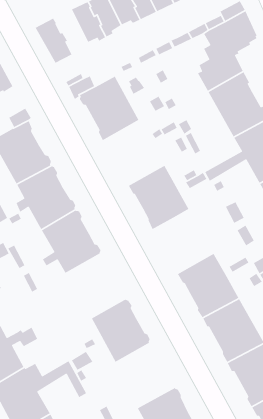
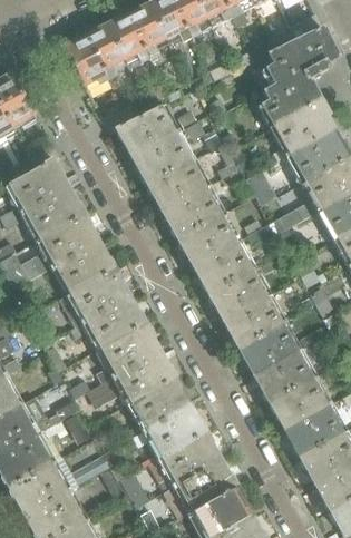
building: none -> [86,23,128,79]
building: none -> [146,159,223,239]
building: none -> [207,268,303,348]
building: none -> [70,323,175,402]
building: none -> [137,432,236,510]

